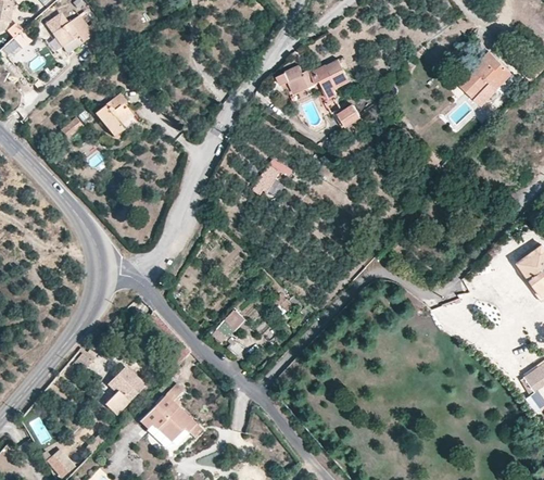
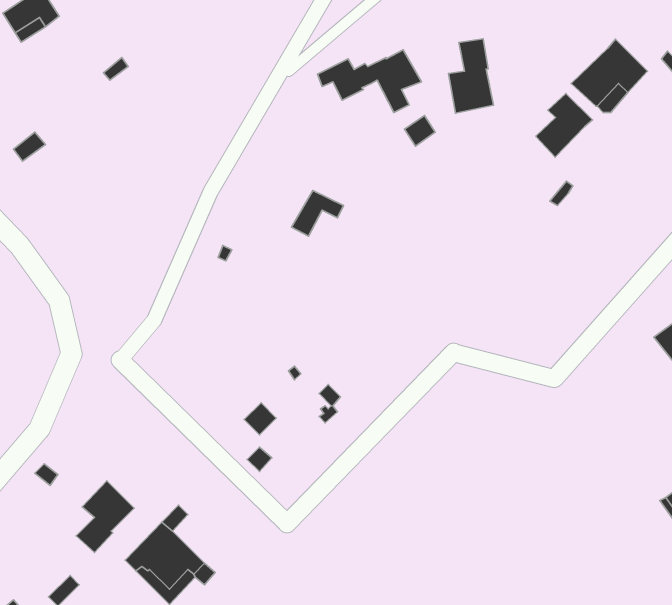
building: none -> [448,39,493,113]
building: none -> [536,93,592,157]
building: [94,93,132,137] -> none

